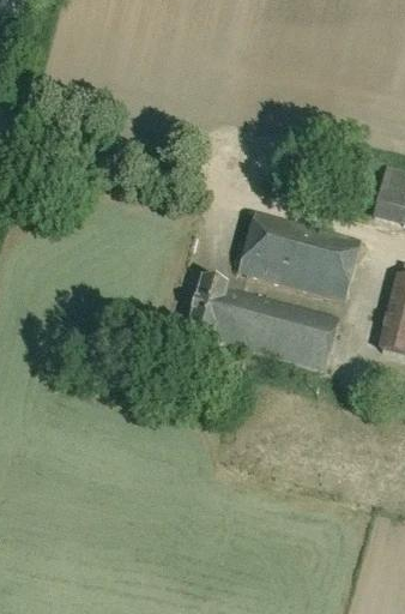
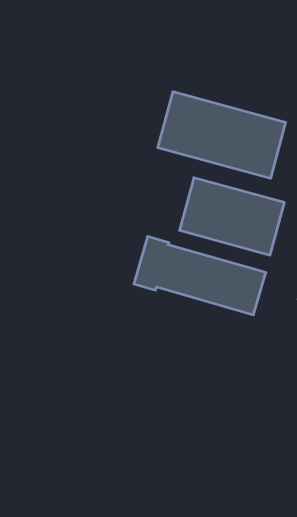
building: none -> [158,92,286,178]

